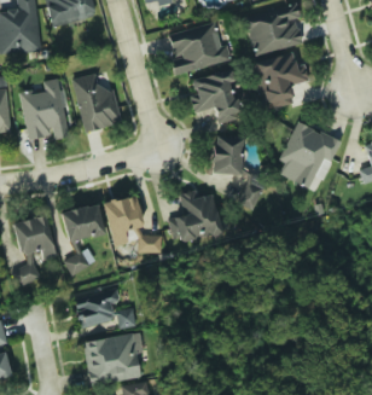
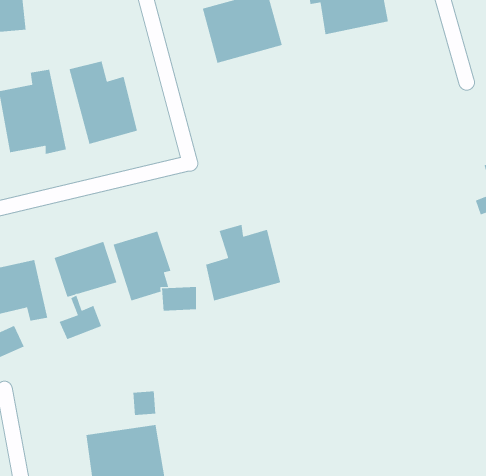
building: [246,47,306,111] -> none
building: [188,70,243,124] -> none
building: [280,121,342,192] -> none
building: [213,135,263,207] -> none
building: [74,285,120,327] -> none

